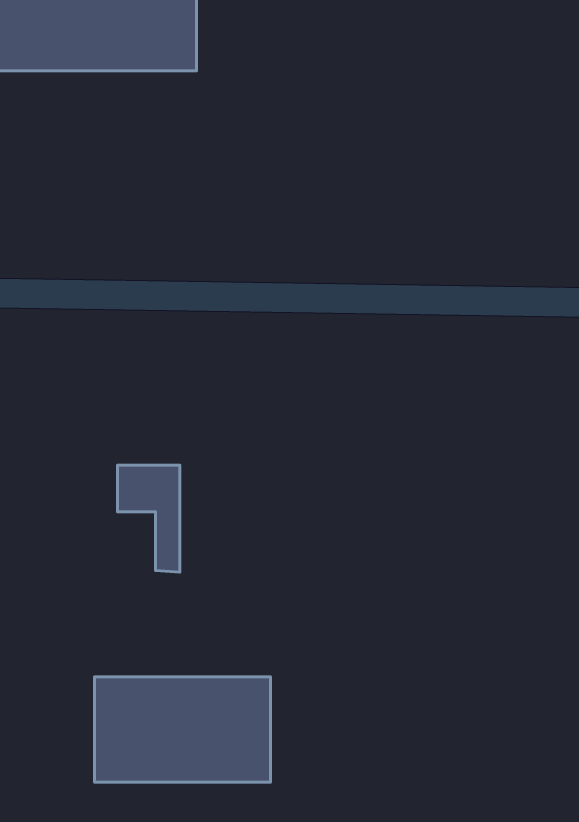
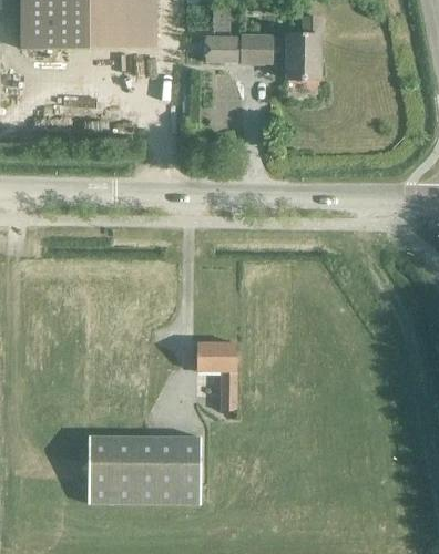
building: none -> [204,16,321,78]
building: [118,465,180,572] -> [196,341,236,410]

